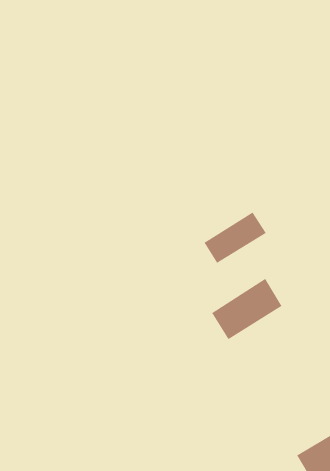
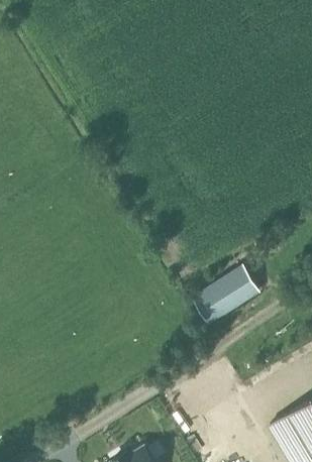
building: [204,212,267,264] -> none

